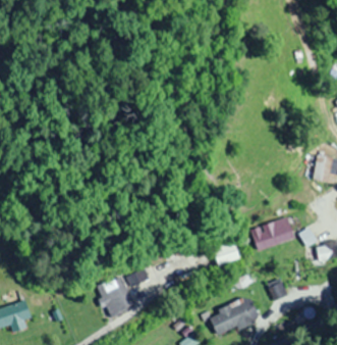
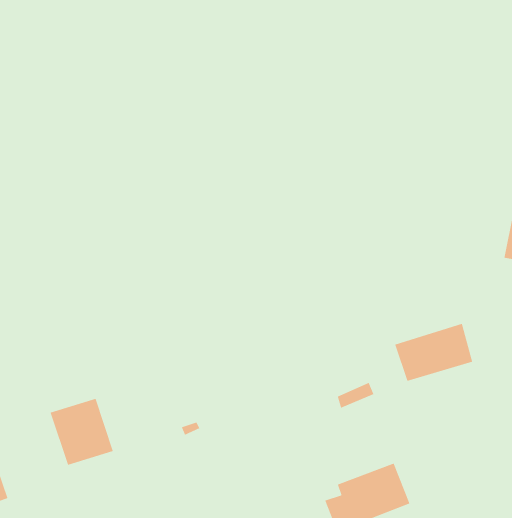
building: [97,277,133,315] -> [49,398,114,466]

